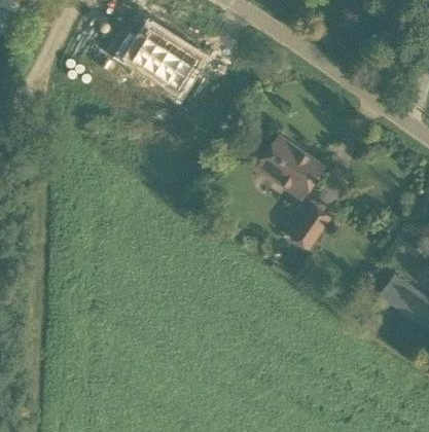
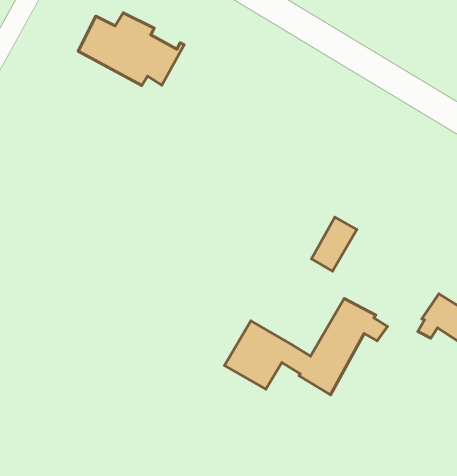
building: [254,134,324,199] -> none
building: none -> [224,298,387,395]

